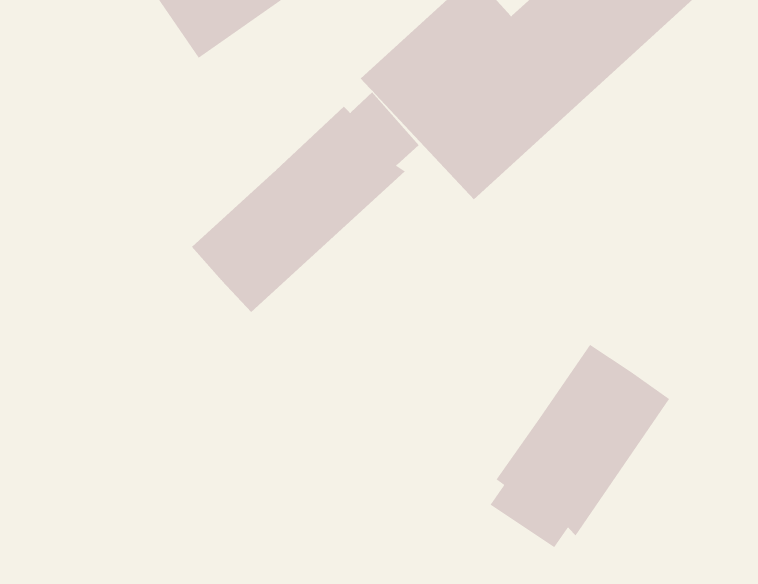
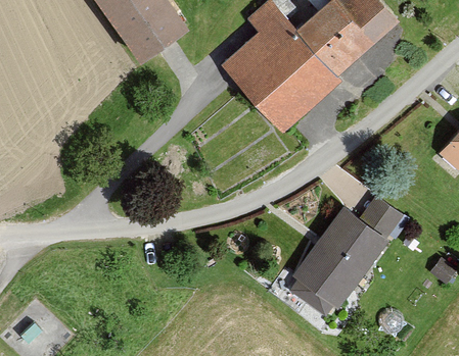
building: [191,92,419,313] -> none
building: none -> [363,202,406,242]

